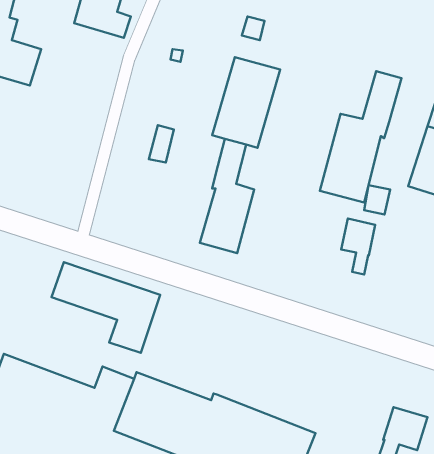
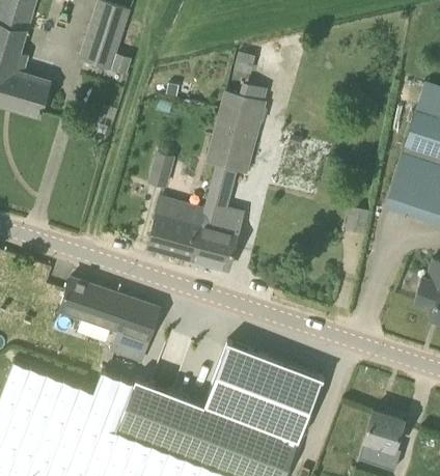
building: [320,71,402,203] -> none
building: none -> [147,197,210,259]
building: [341,219,375,274] -> none
building: none -> [208,351,319,433]

